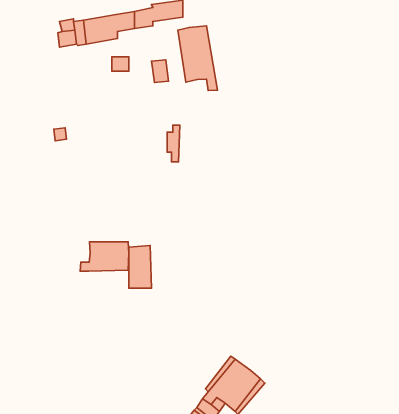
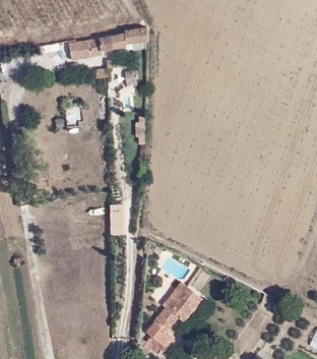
building: [178,26,217,90] -> none
building: [80,242,129,271] -> none

